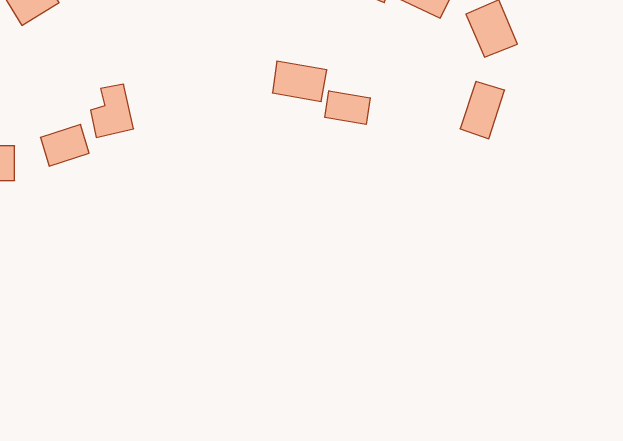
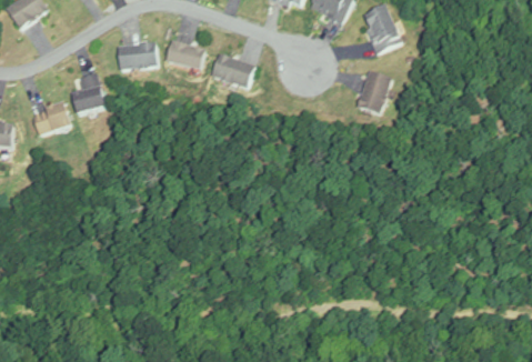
building: none -> [165,39,205,70]
building: none -> [117,42,157,69]
building: [325,91,370,124] -> none

